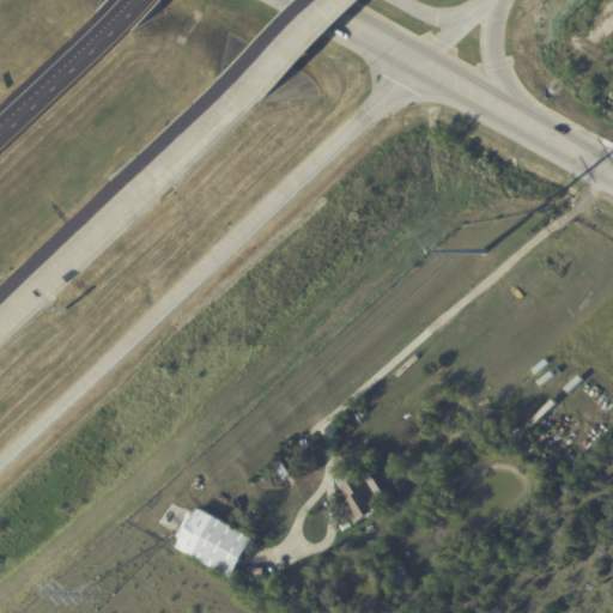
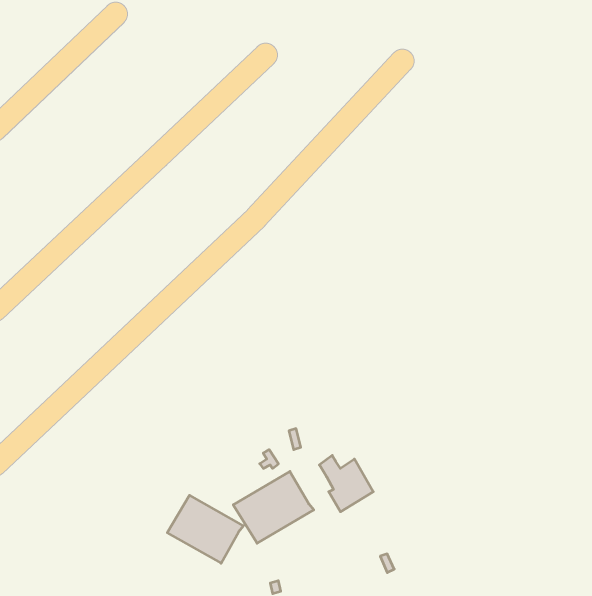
building: none -> [233,471,314,543]

